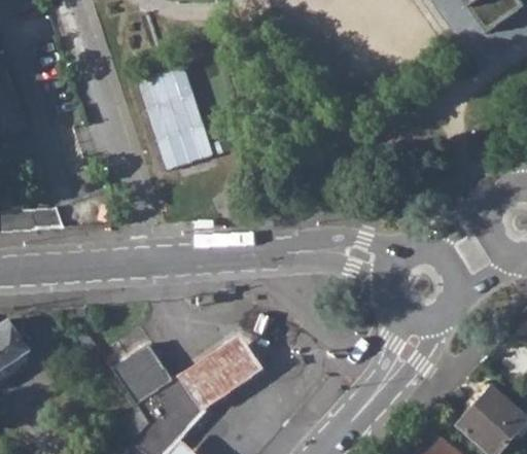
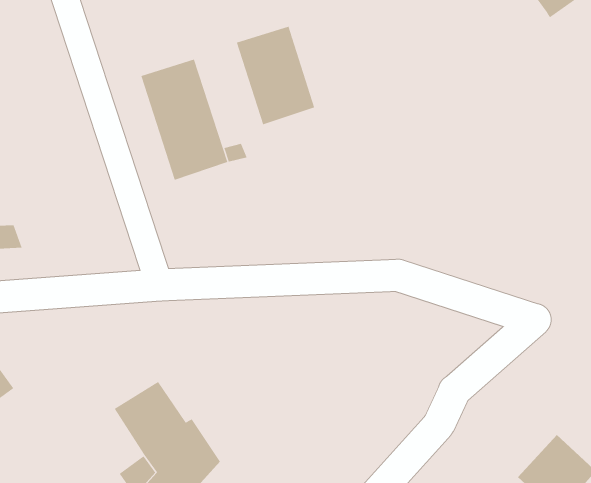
building: none -> [236,26,315,125]
building: [180,331,269,412] -> none

